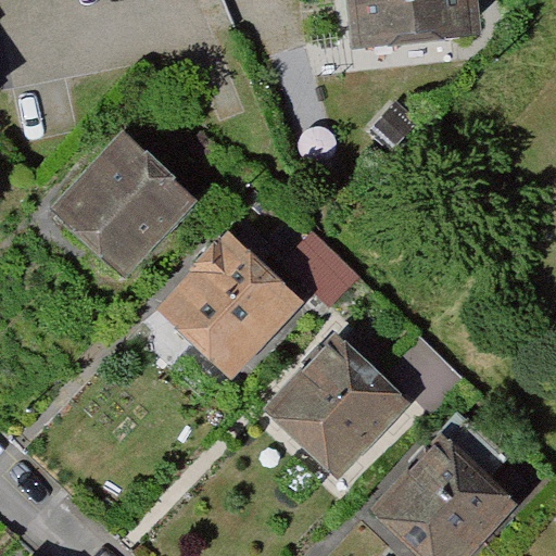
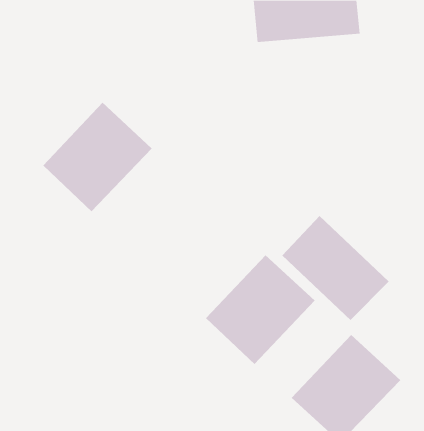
building: [162,230,303,371] -> none
building: none -> [281,215,389,321]

